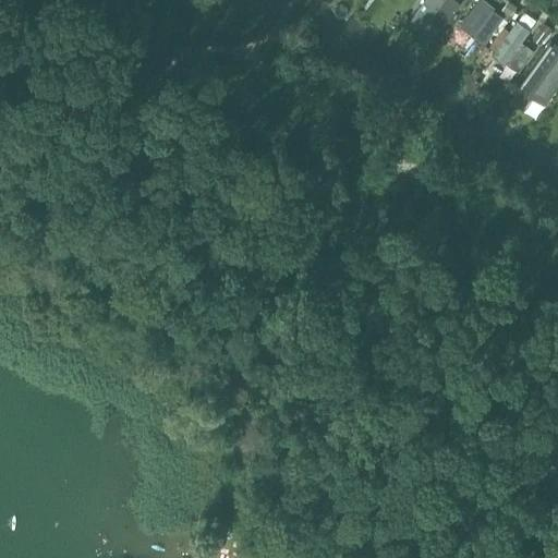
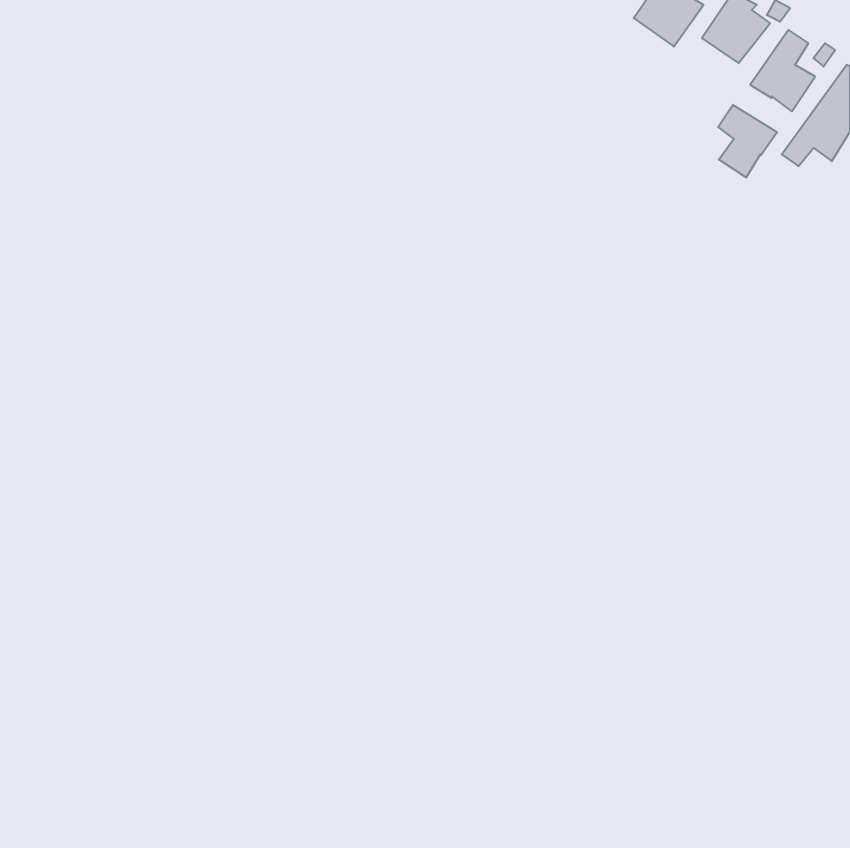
building: none -> [718,105,777,178]

